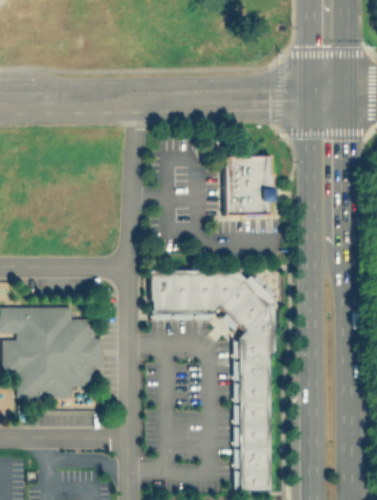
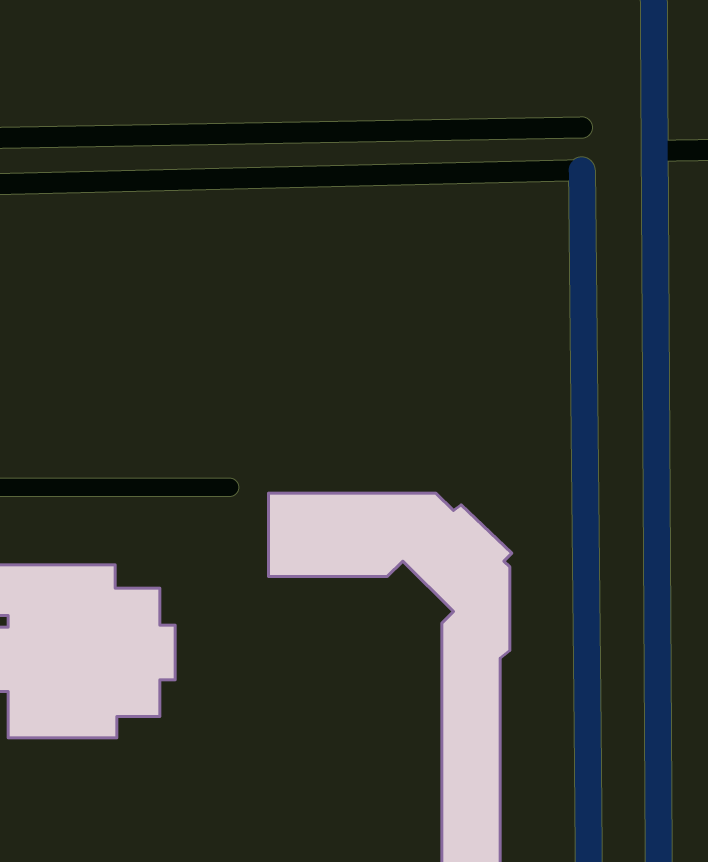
building: [223,156,270,215] -> none

